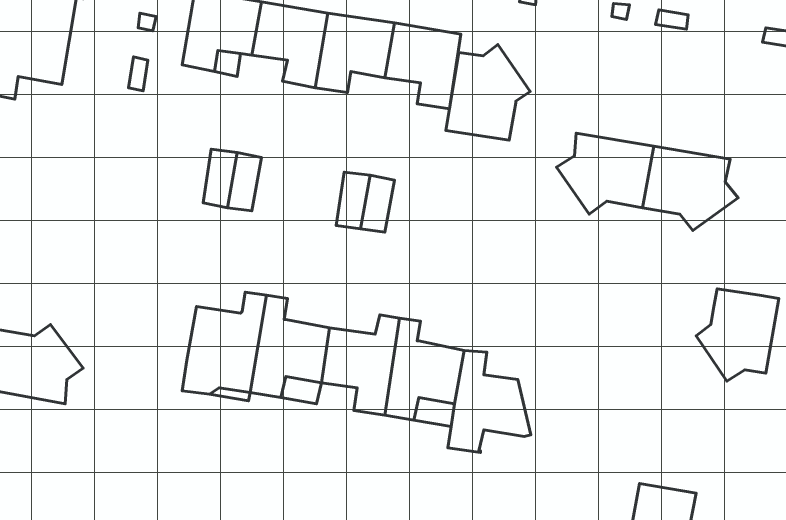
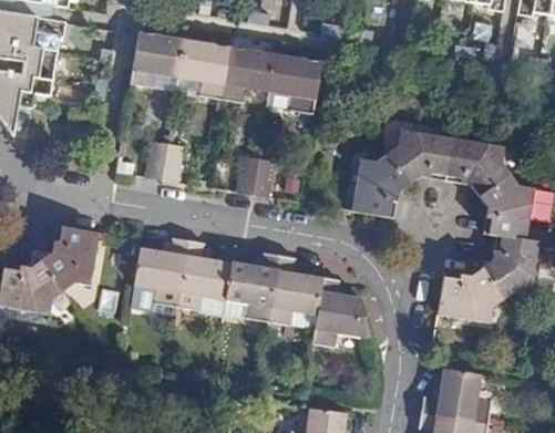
building: [446,45,530,140] -> [351,152,409,217]
building: none -> [480,173,534,239]
building: none -> [41,225,99,289]
building: none -> [438,267,503,321]

